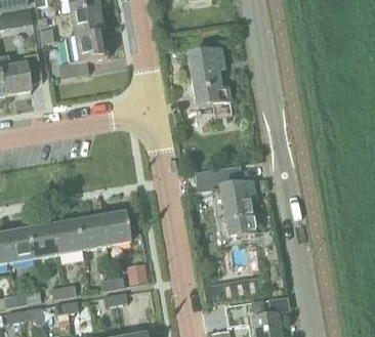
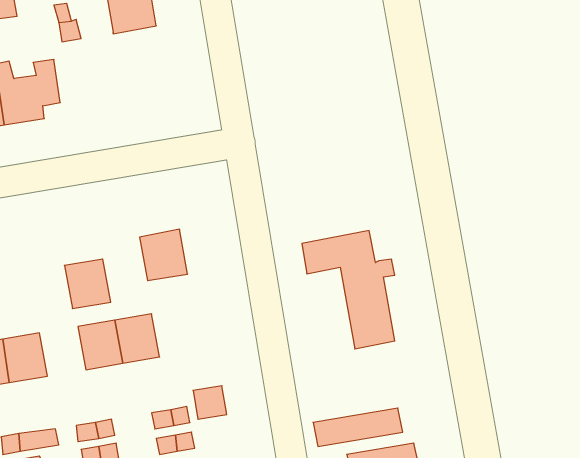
building: [57,32,107,77] -> none
building: [190,50,224,107] -> none
building: [99,211,130,244] -> [140,229,188,281]
building: [28,224,57,256] -> [64,259,111,309]

